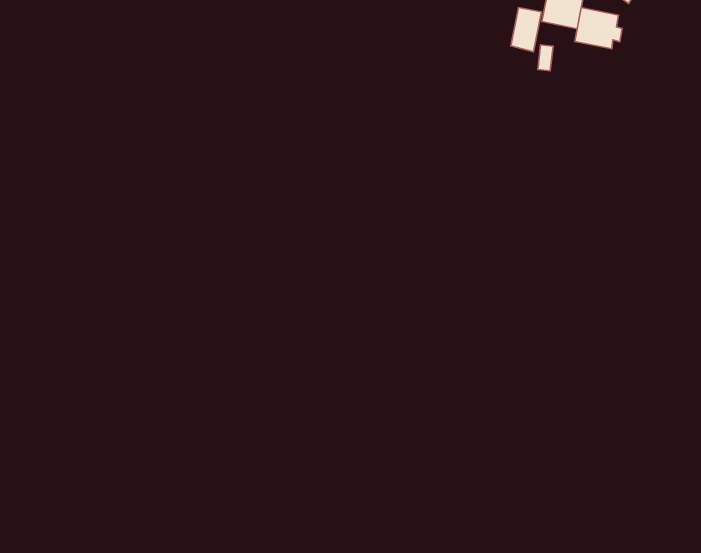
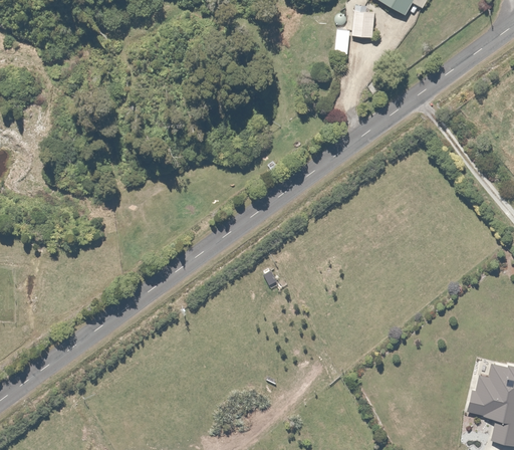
building: [575,8,622,49] -> none

